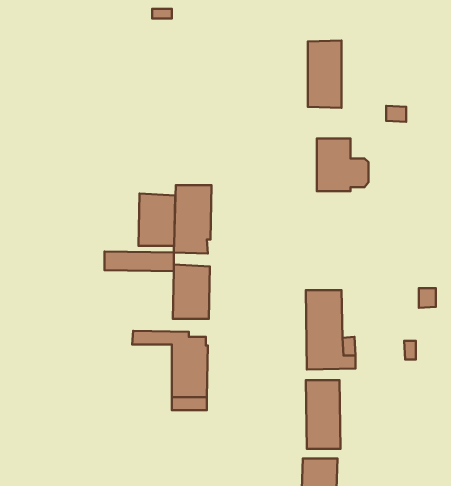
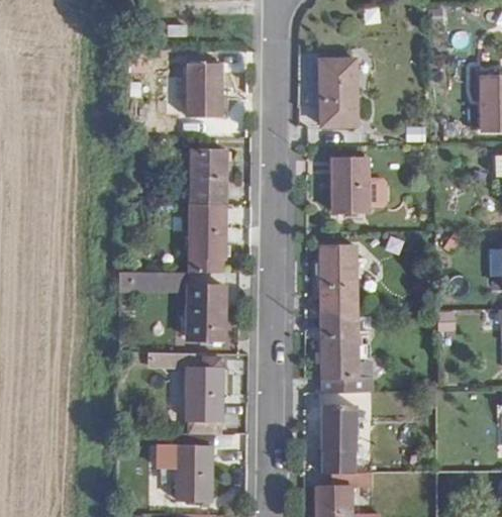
building: none -> [184,63,220,116]
building: [138,193,175,246] -> [189,151,226,205]
building: none -> [321,245,358,312]
building: none -> [155,447,210,501]

